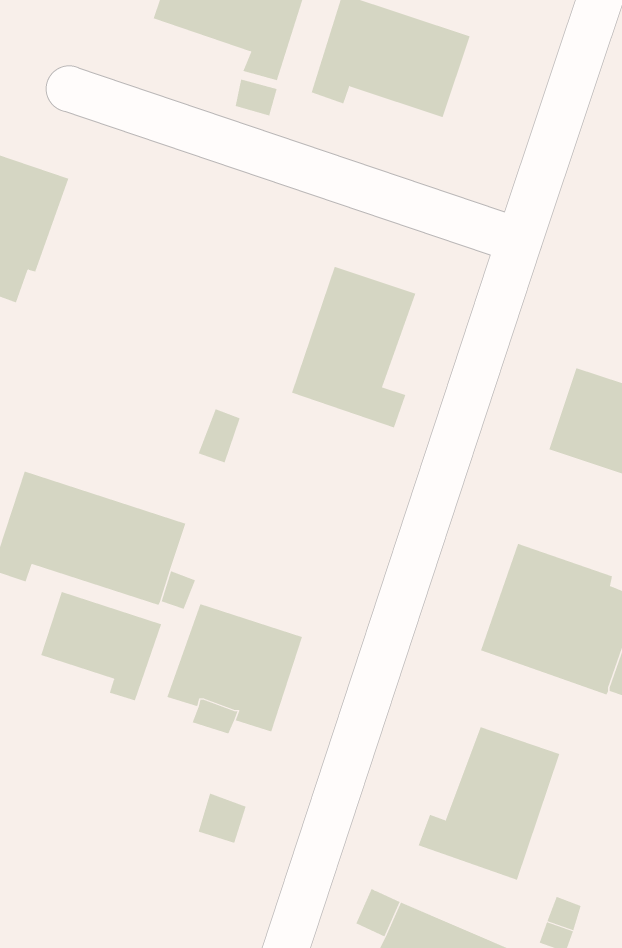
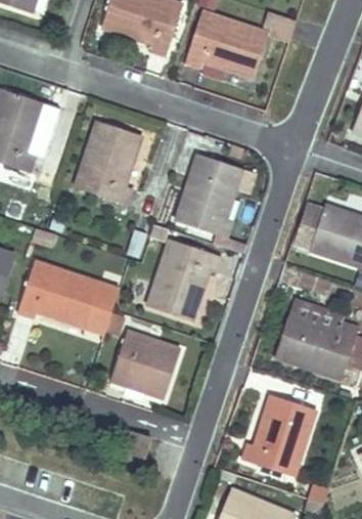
building: none -> [76,121,140,205]
building: none -> [147,239,222,319]
building: [41,591,162,701] -> none

